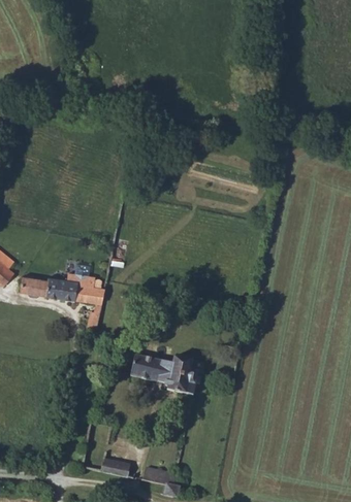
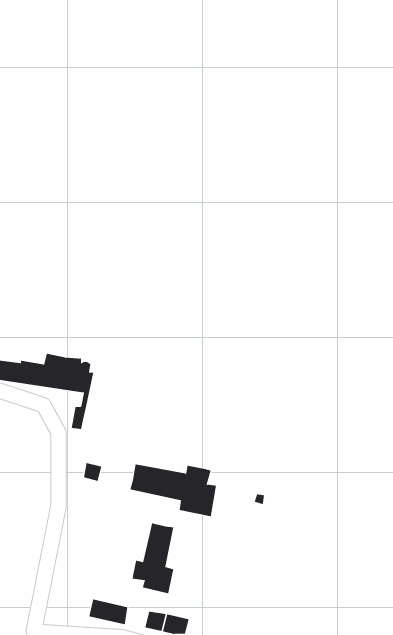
building: none -> [132,522,174,594]

